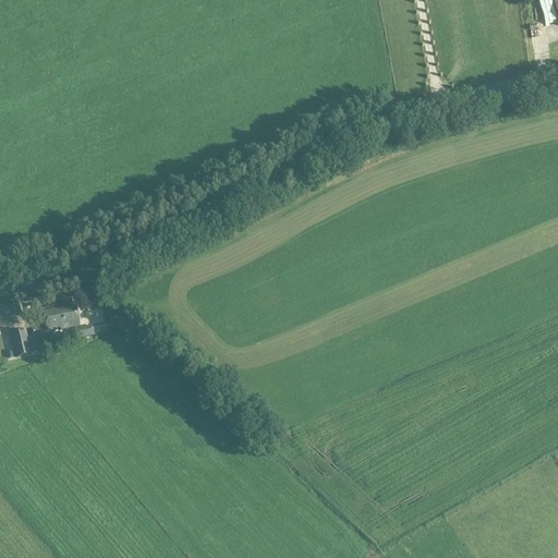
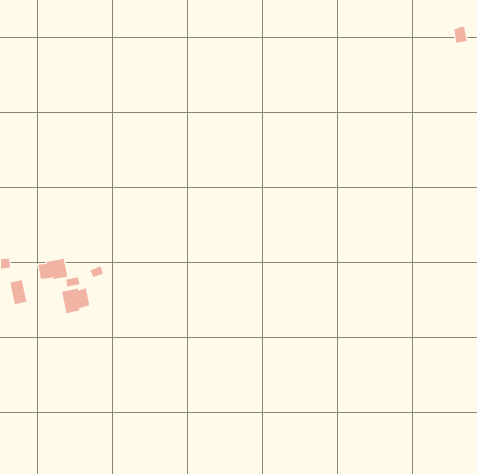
building: none -> [62,288,90,314]

